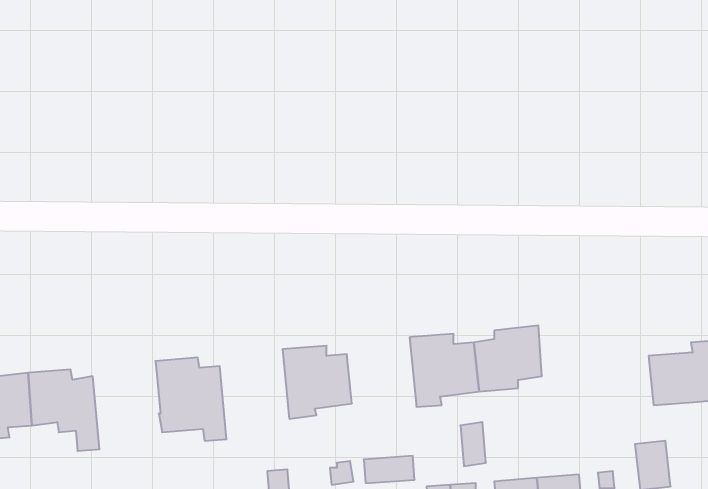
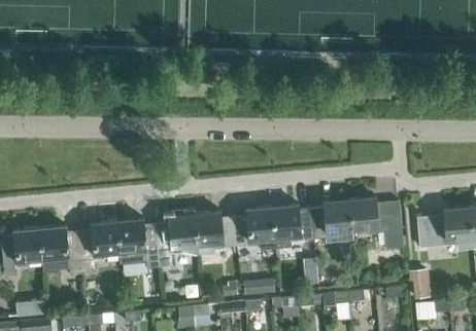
building: none -> [350,198,404,251]
building: none -> [234,208,276,252]
building: none -> [157,215,199,269]
building: none -> [79,222,121,275]

